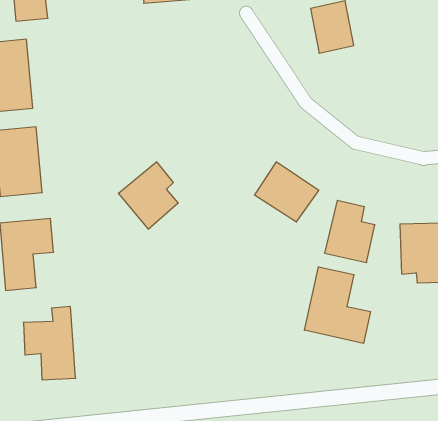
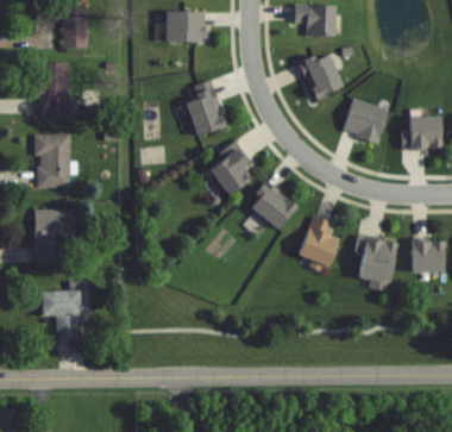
building: none -> [183,81,224,136]
building: none -> [341,98,388,144]
building: [118,162,178,229] -> [205,143,252,196]
building: [304,267,370,343] -> none

